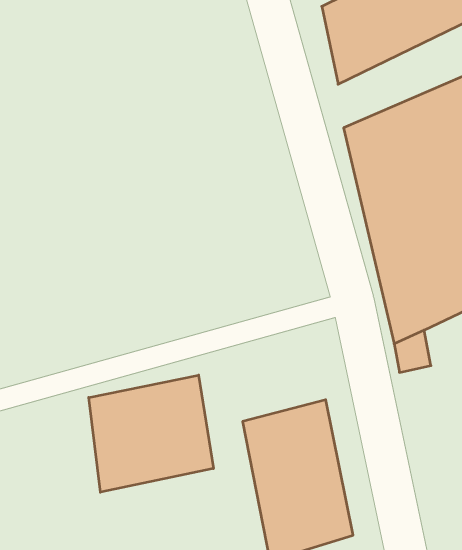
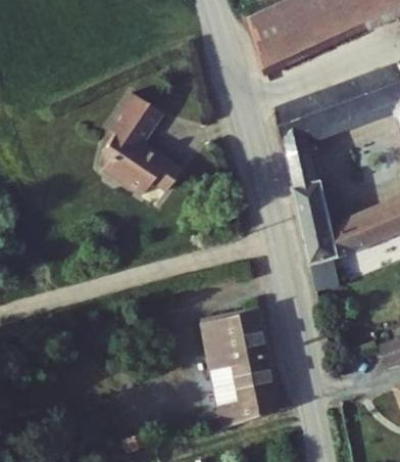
building: none -> [105,96,188,210]
building: [89,375,213,492] -> none

